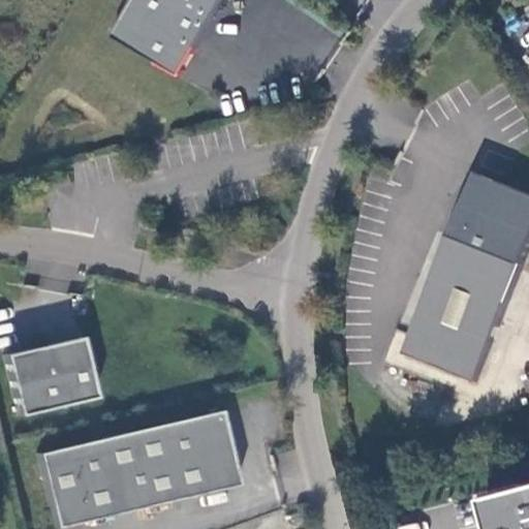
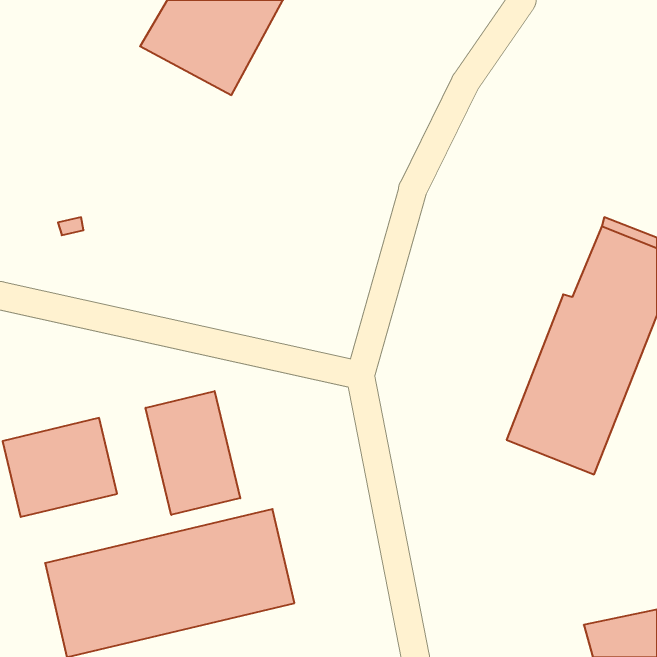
building: none -> [146,391,240,515]

